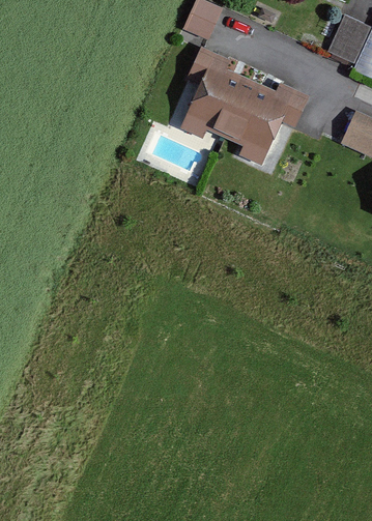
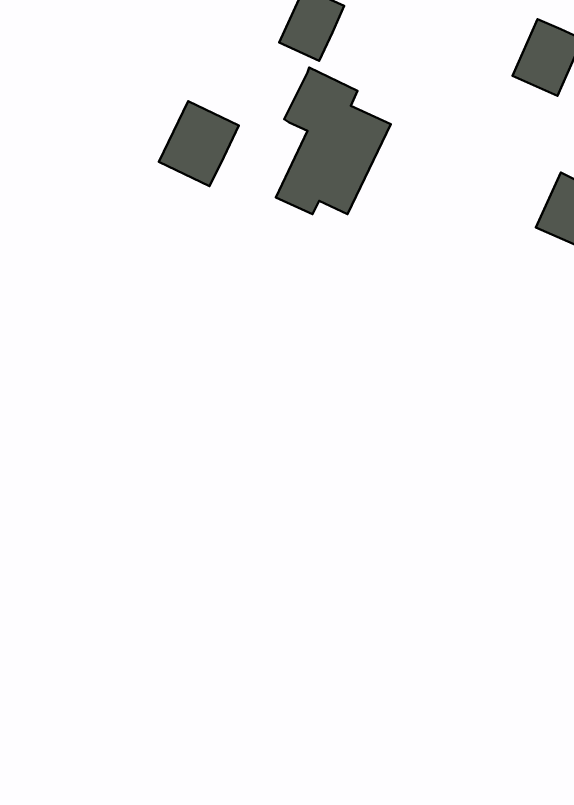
building: none -> [159,101,239,186]
building: [224,80,309,163] -> none

